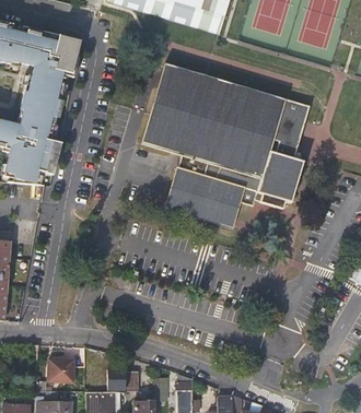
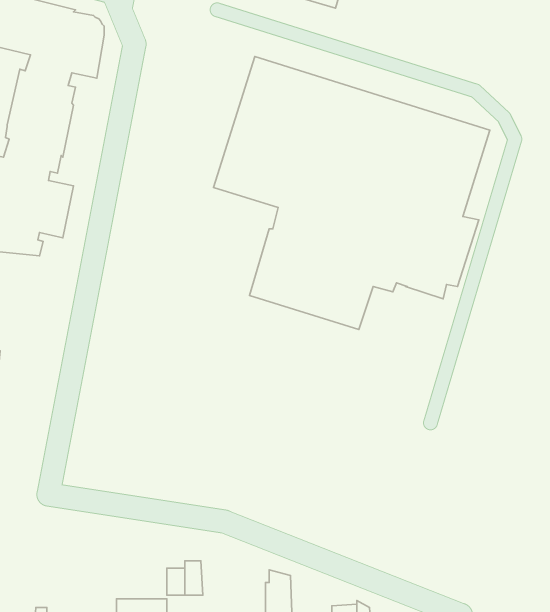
building: [47,359,72,381] -> none

